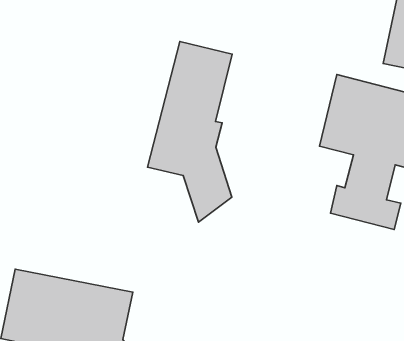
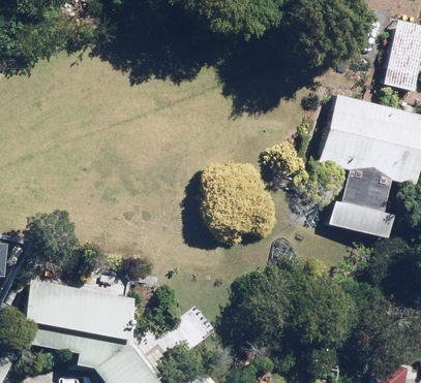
building: [148,41,232,222] -> none

